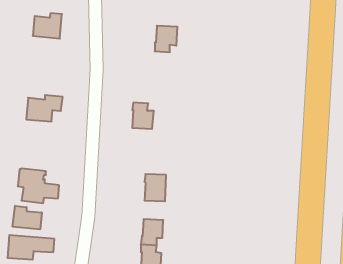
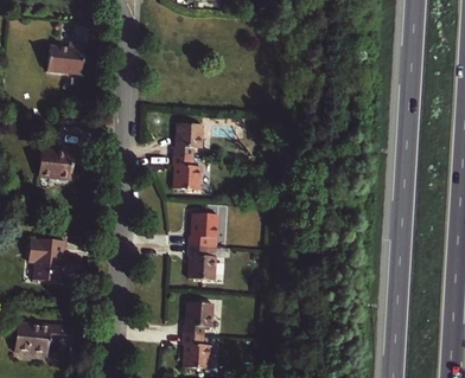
building: [155,26,177,52] -> [173,123,202,156]
building: none -> [189,212,217,246]
building: [13,206,42,229] -> none

